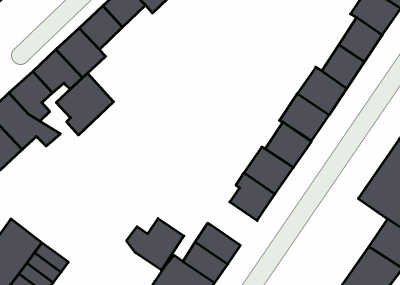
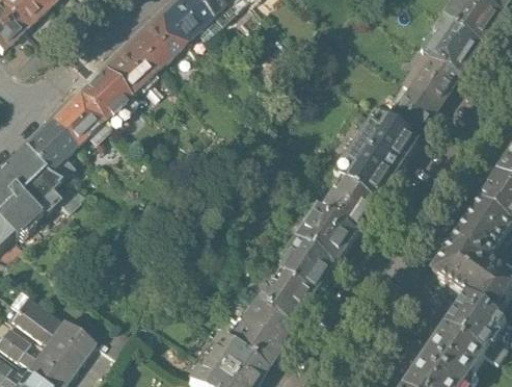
building: [56,73,114,135] -> none
building: none -> [257,273,313,324]
building: [127,218,184,270] -> none

